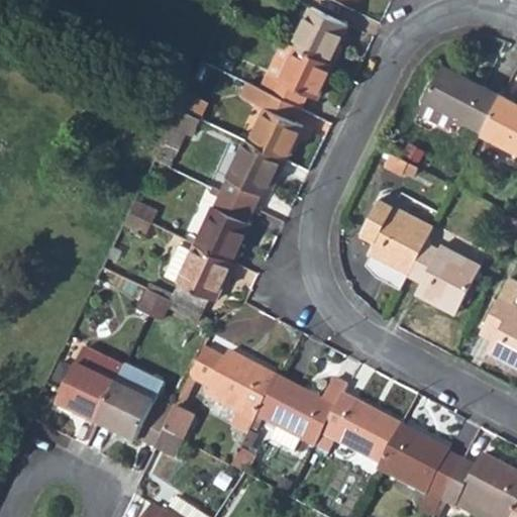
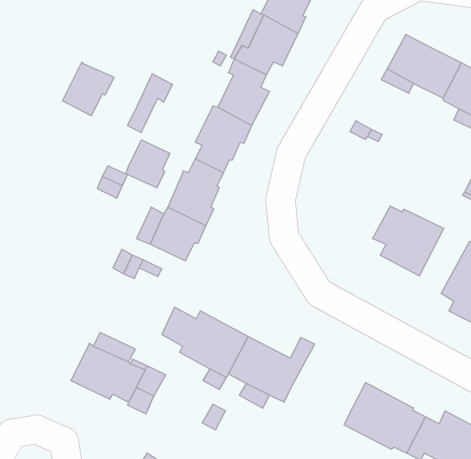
building: none -> [62,62,114,116]
building: none -> [126,140,170,188]
building: [359,202,433,289] -> none
building: [58,347,124,422] -> none
building: [322,394,400,461] -> none

